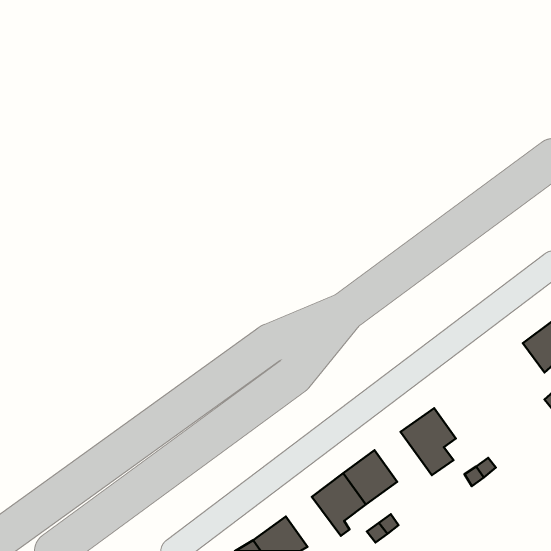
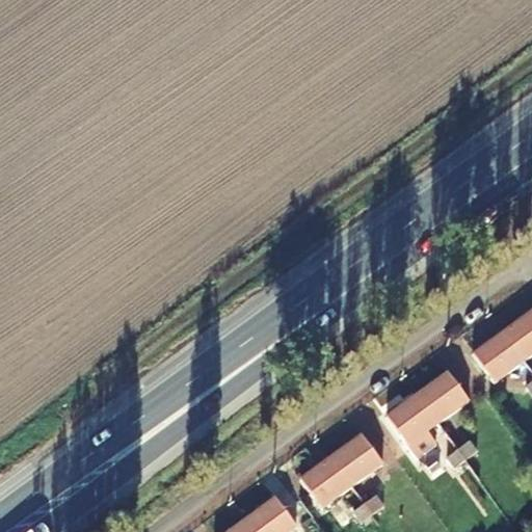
building: none -> [474,329,525,379]
building: none -> [419,370,470,421]

